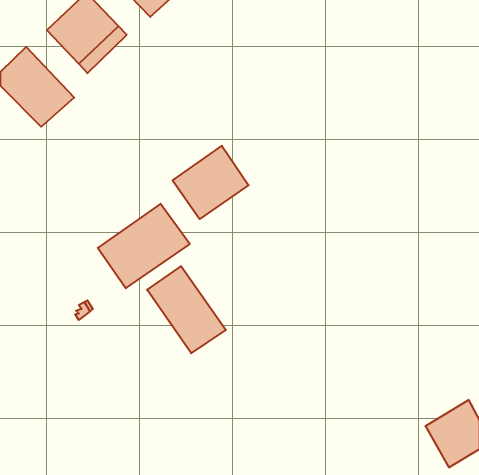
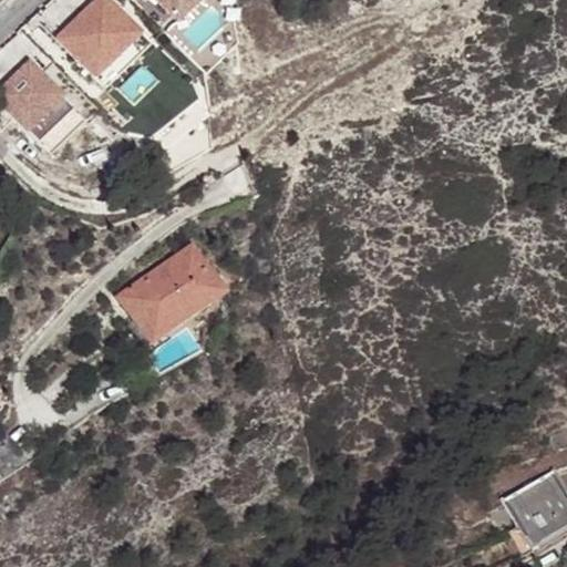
building: [173,146,249,219] -> none
building: [147,266,226,353] -> none

